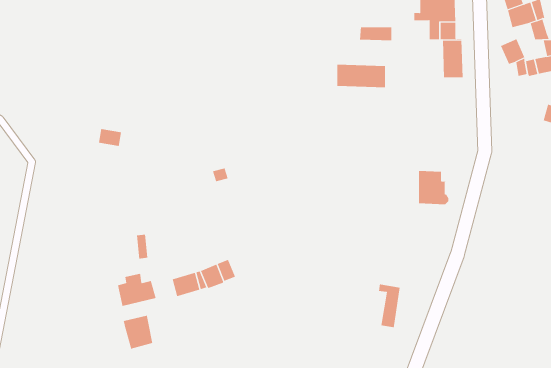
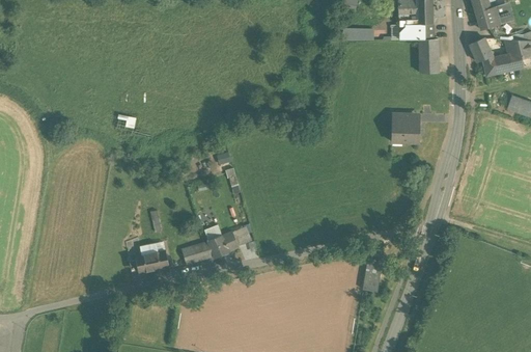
building: [337,64,385,88] -> none
building: [418,170,449,205] -> [392,112,419,142]
building: [123,315,153,350] -> none

